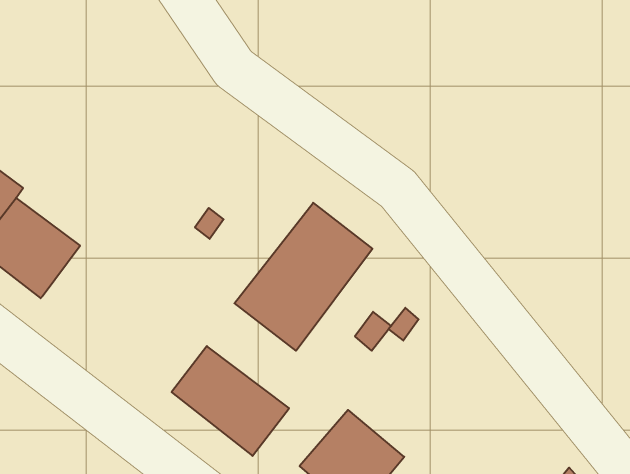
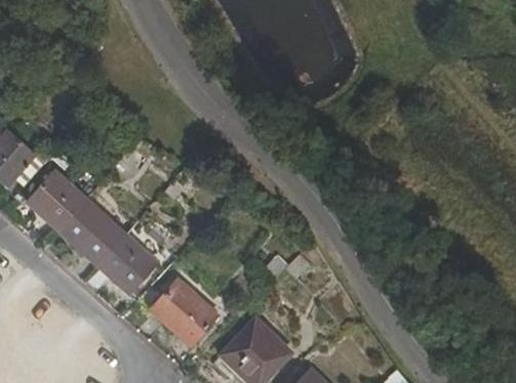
building: [234,203,372,351] -> none
building: none -> [58,198,157,293]

